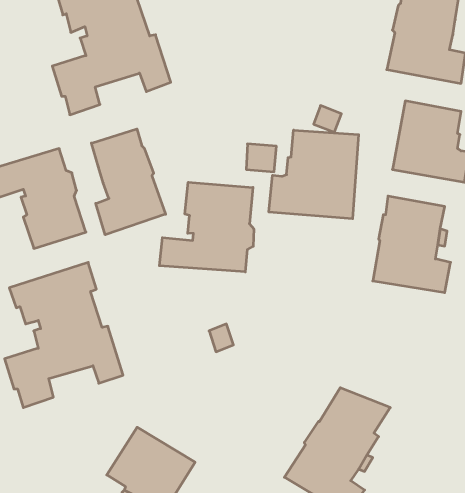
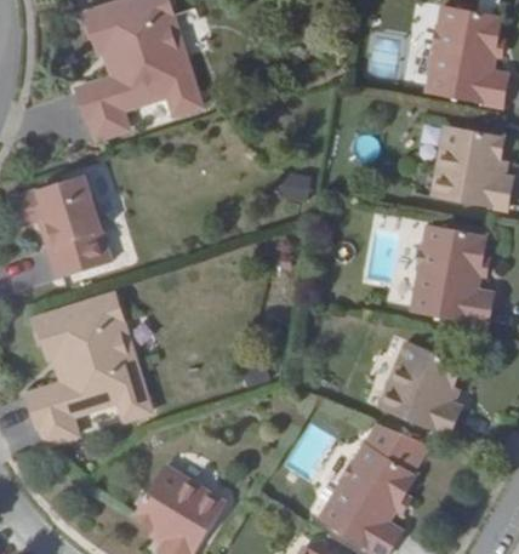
building: [91,129,166,235] -> none
building: [269,130,359,219] -> none
building: [159,182,254,272] -> none
building: none -> [378,341,462,438]

